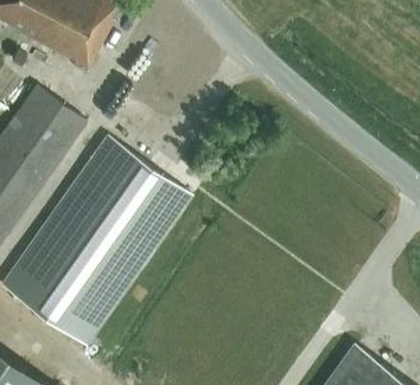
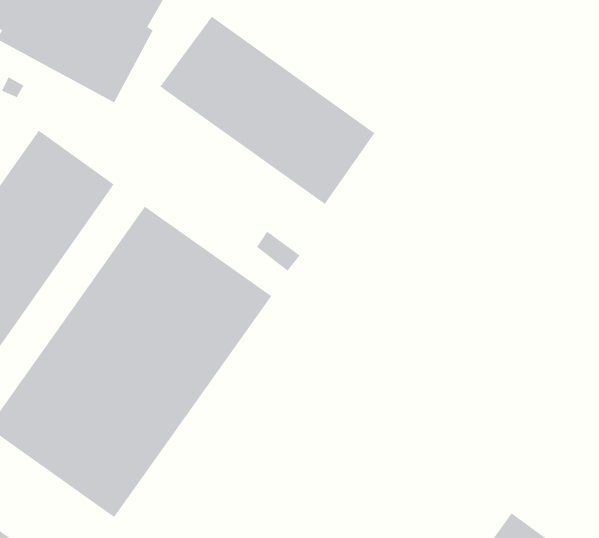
building: none -> [160,16,375,205]

